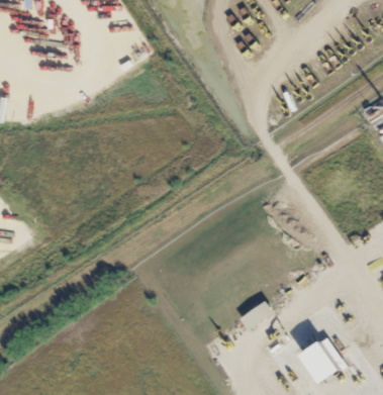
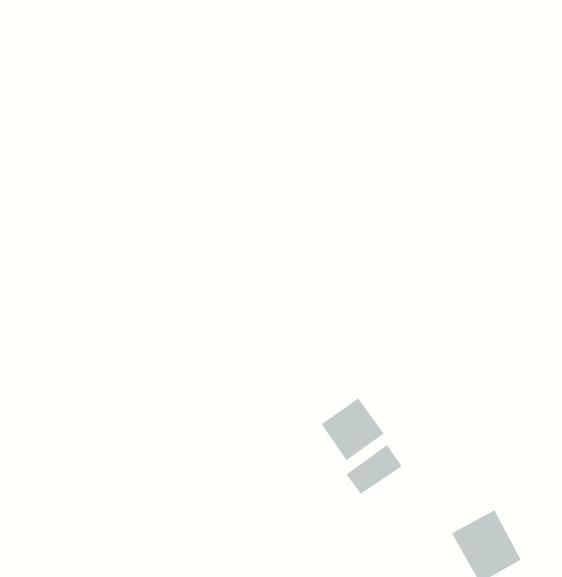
building: none -> [321,398,384,461]

